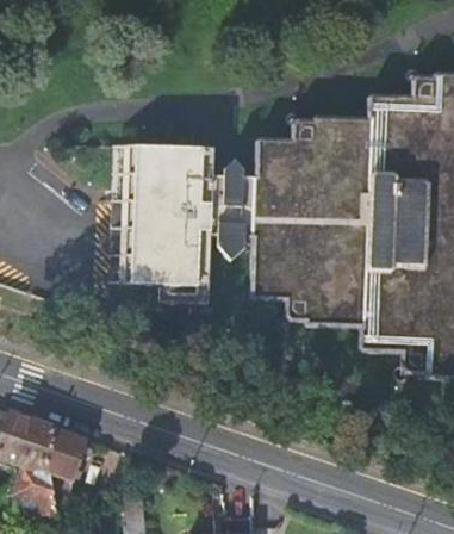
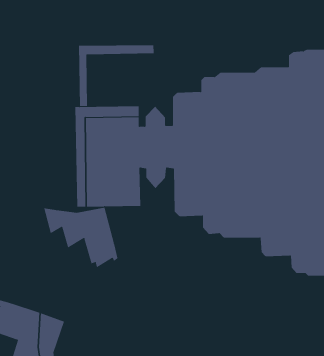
building: none -> [79,45,154,107]
building: none -> [43,207,118,268]

